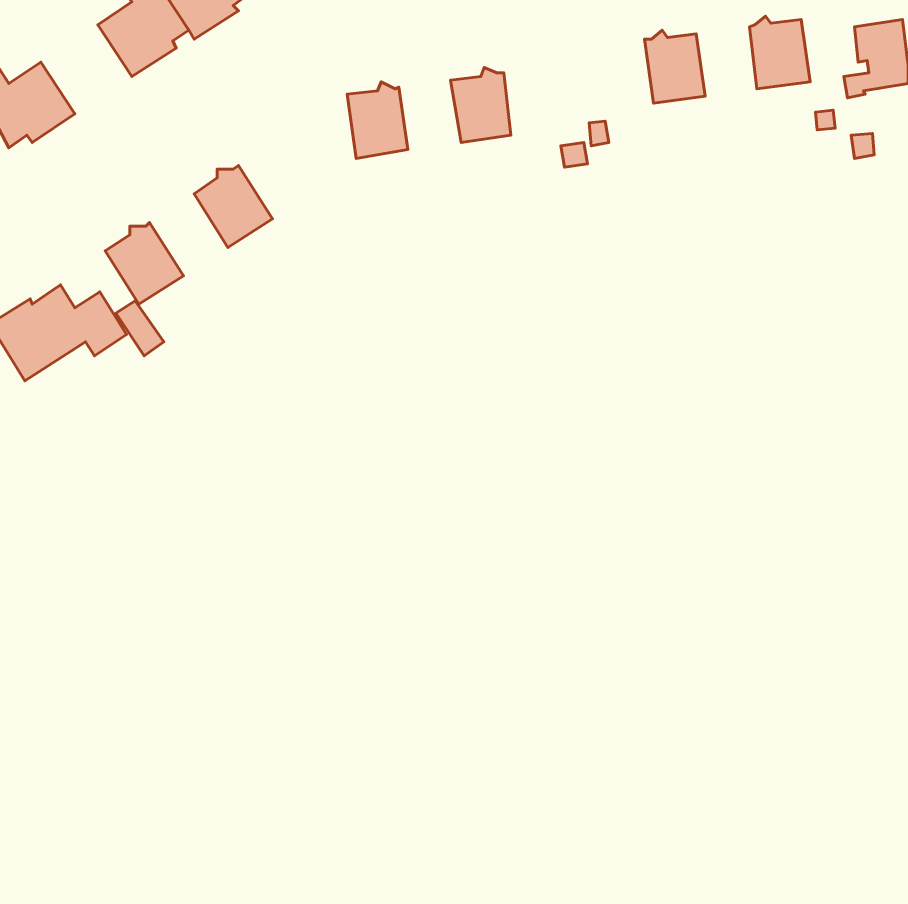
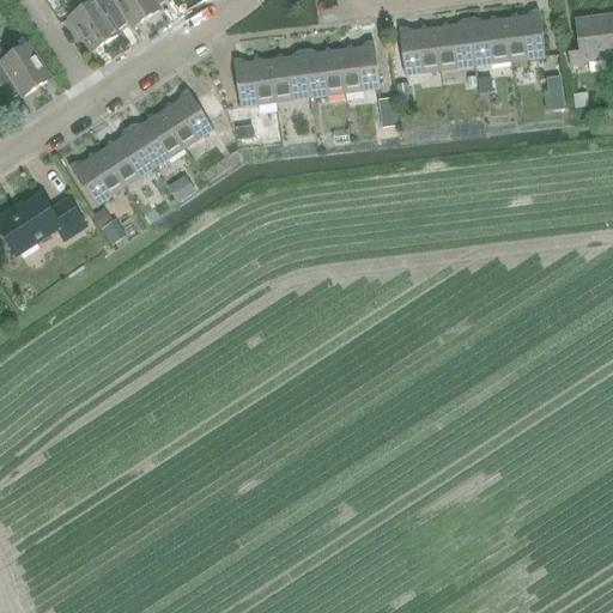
building: none -> [468,14,509,65]
building: none -> [399,24,439,74]
building: none -> [339,43,380,91]
building: none -> [268,53,310,101]
building: none -> [160,92,212,147]
building: none -> [101,131,153,186]

